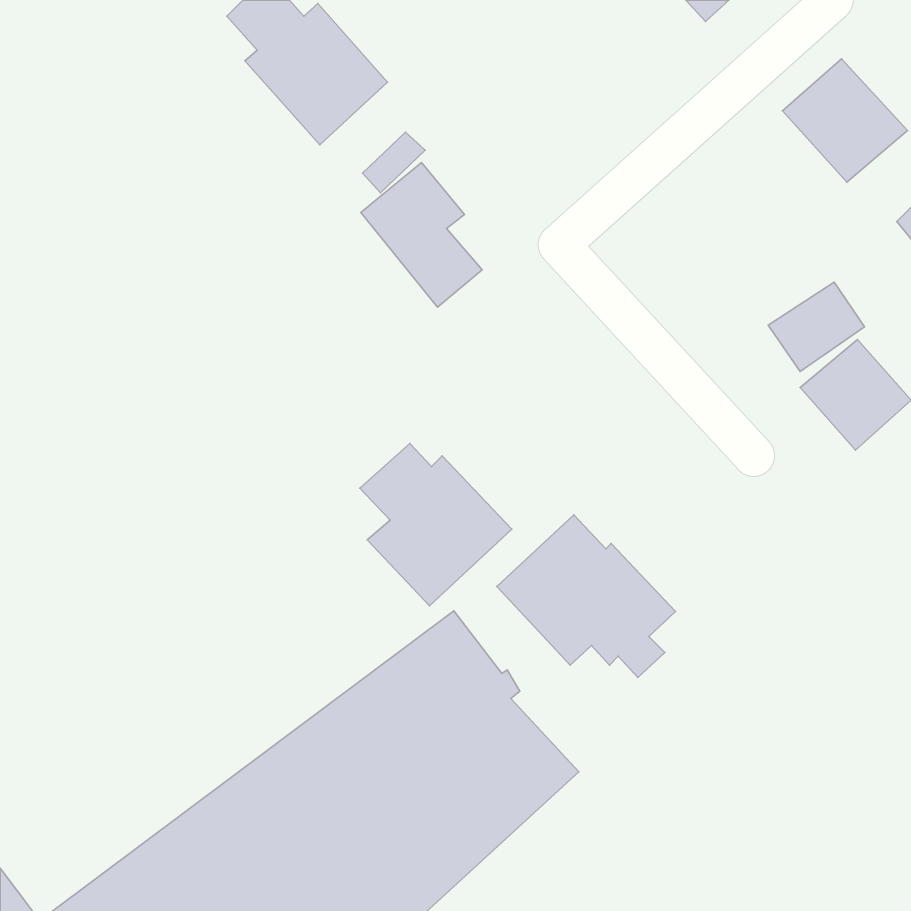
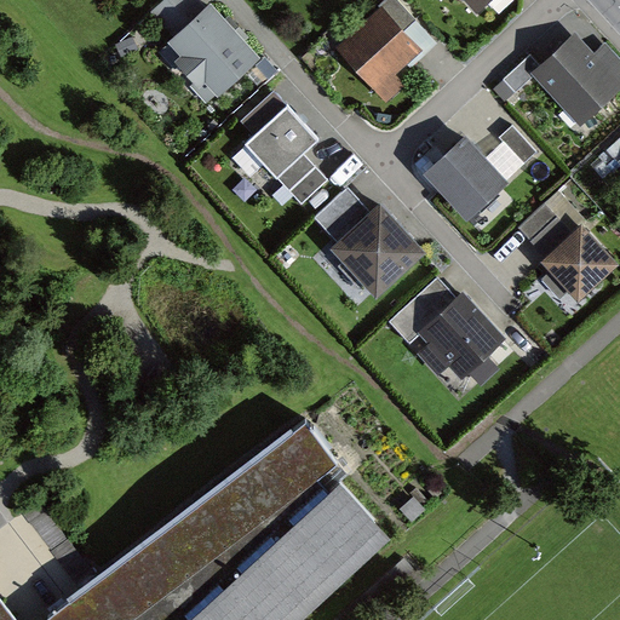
building: none -> [337,13,419,108]
building: none -> [418,137,504,223]
building: [360,443,512,606] -> [318,196,421,306]
building: [497,515,675,678] -> [389,275,510,385]

